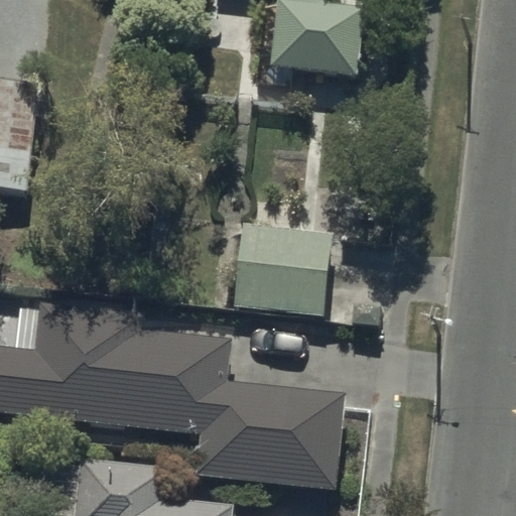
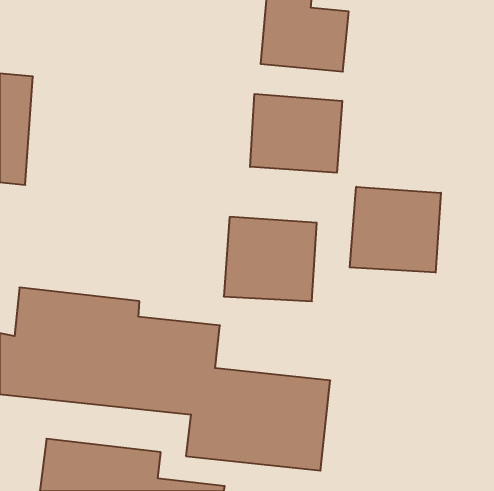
building: none -> [250,94,342,173]
building: none -> [350,187,441,273]

